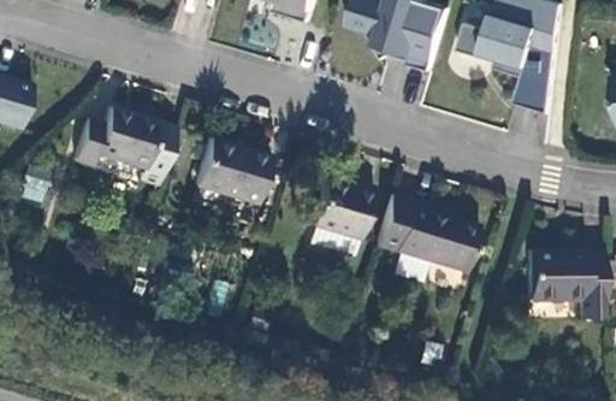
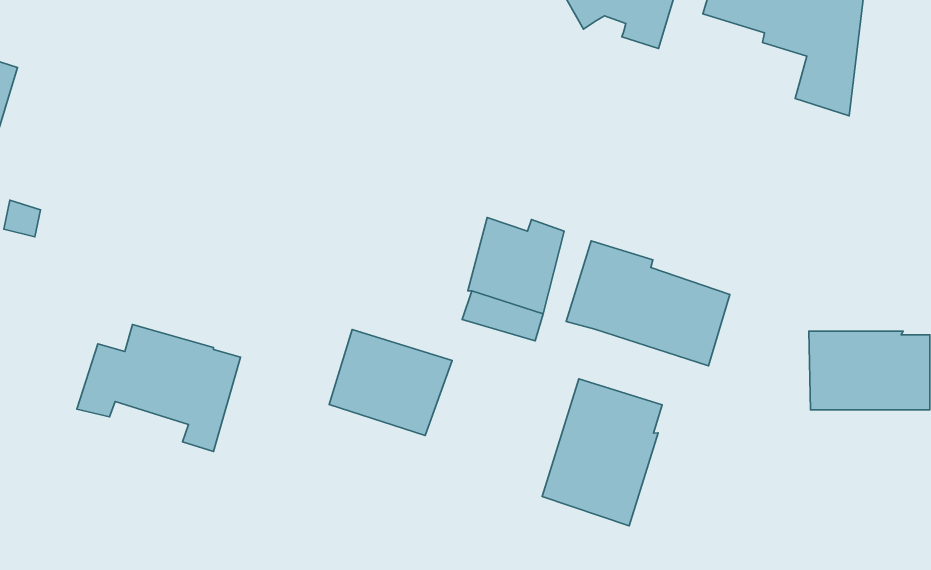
building: [66,106,168,185] -> [77,325,240,451]
building: [189,137,266,204] -> [329,330,452,435]
building: none -> [542,379,662,526]

